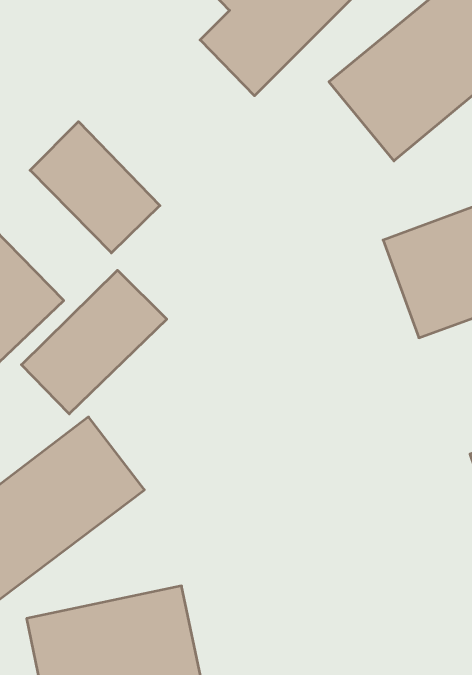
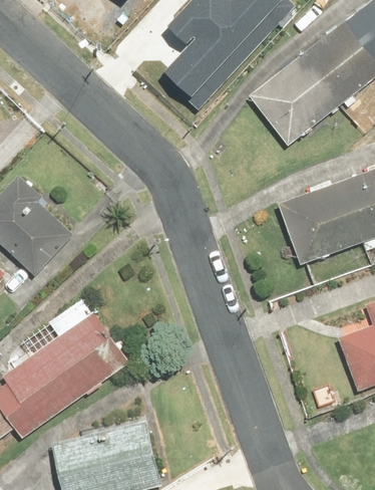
building: [30,122,160,253] -> none
building: [21,270,167,414] -> none

